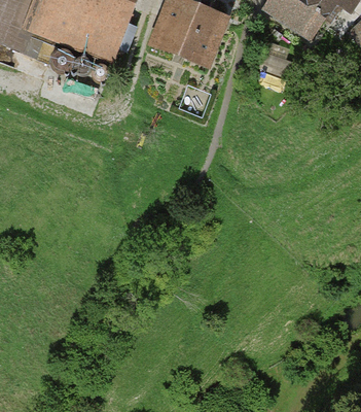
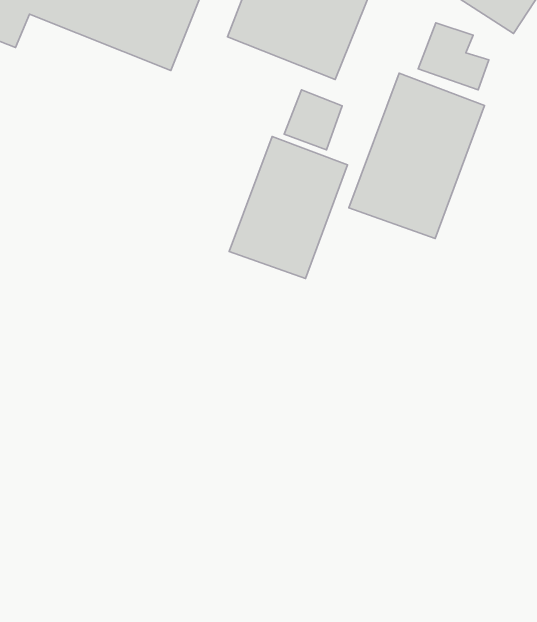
building: none -> [349,73,485,238]
building: none -> [229,136,348,279]

